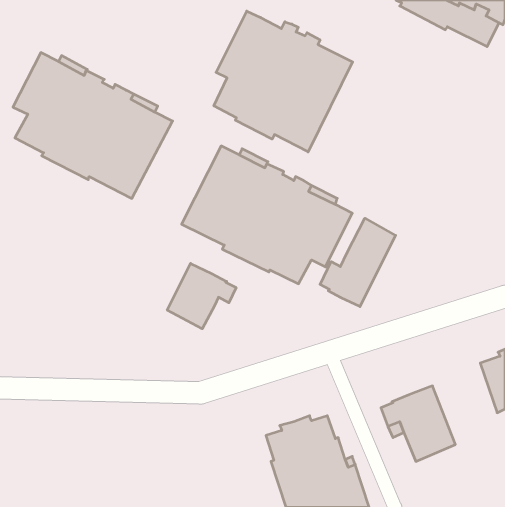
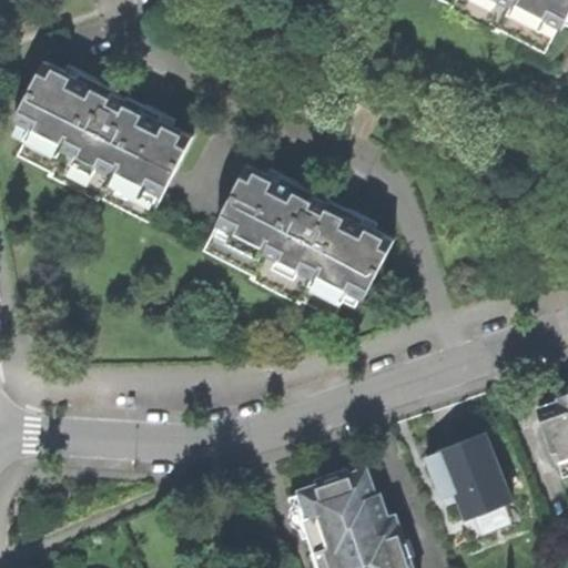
building: [214,11,353,152] -> none
building: [320,218,396,307] -> none
building: [167,263,236,329] -> none

